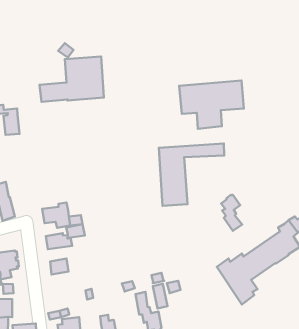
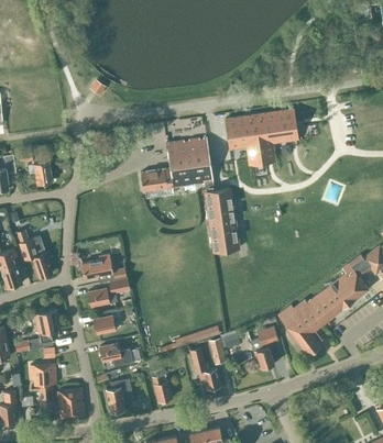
building: [39,56,104,102] -> [140,137,211,191]
building: [221,195,242,231] -> none
building: none -> [253,326,278,369]
building: none -> [99,343,132,367]

